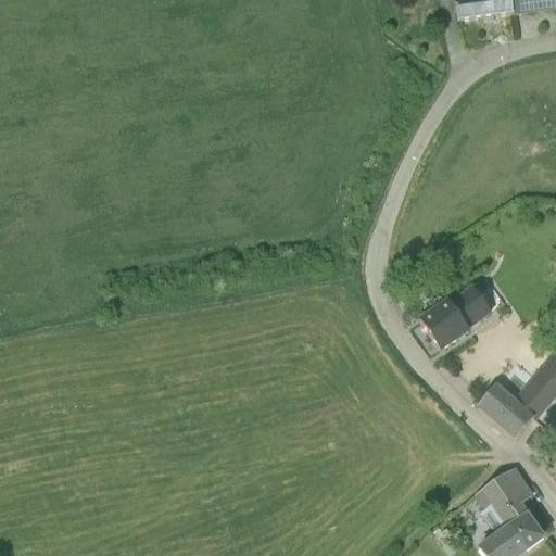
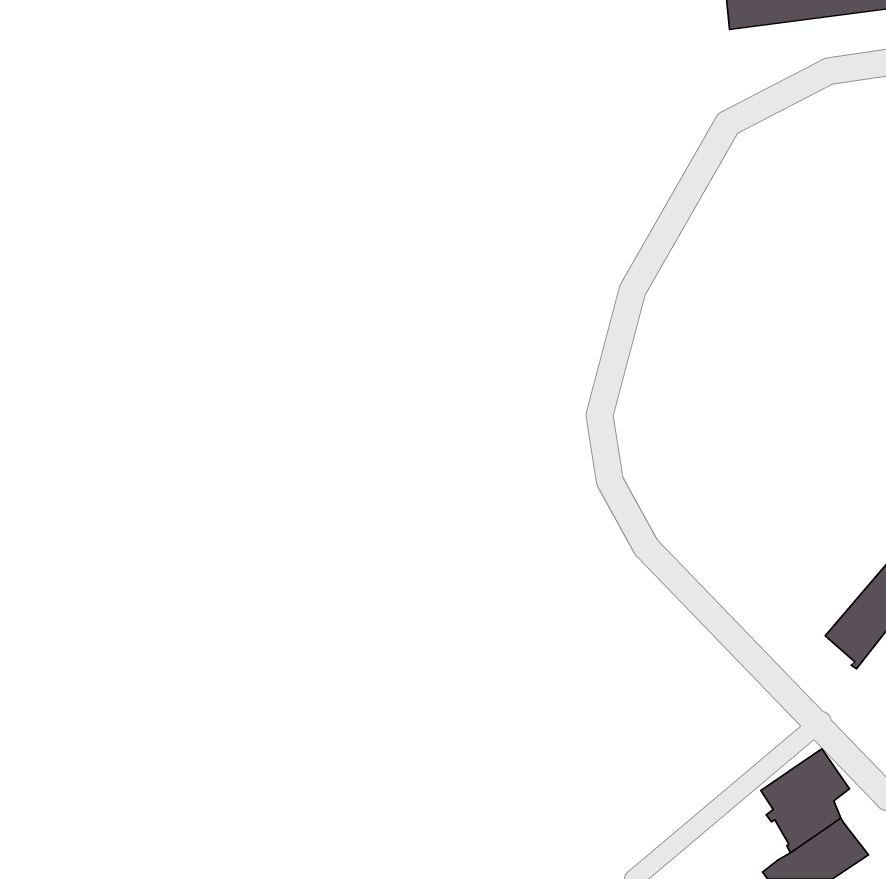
building: [420,289,488,349] -> none
building: [478,381,535,437] -> none

